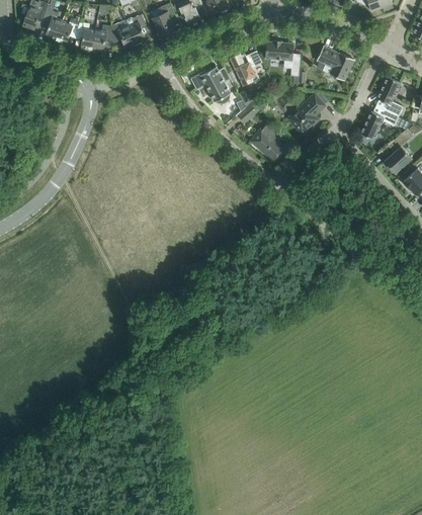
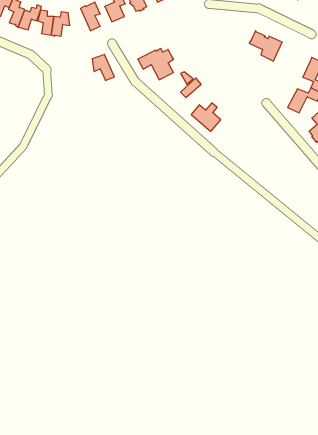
building: [111,20,137,50] -> [92,54,114,80]
building: [265,39,301,76] -> none
building: [230,50,262,86] -> none
building: [288,94,325,134] -> none

